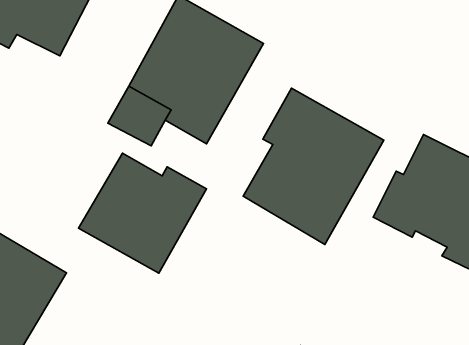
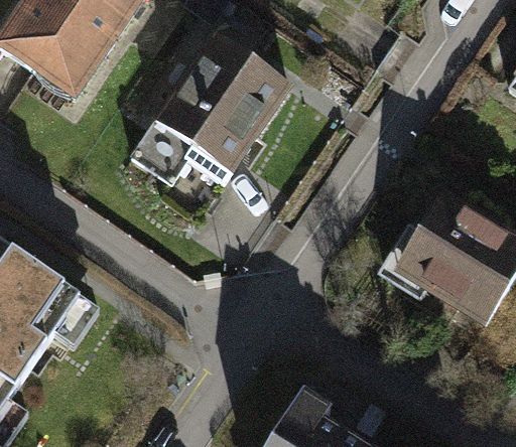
building: [243,88,384,244] -> none
building: [79,153,206,273] -> none

